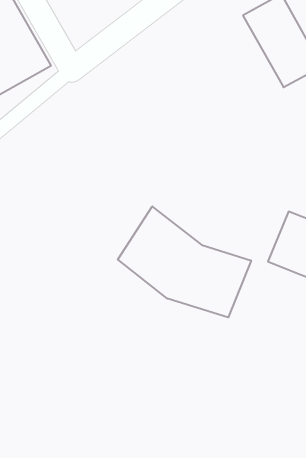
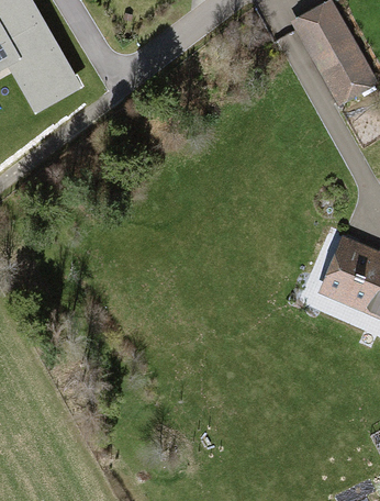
building: [118,206,251,317] -> none

